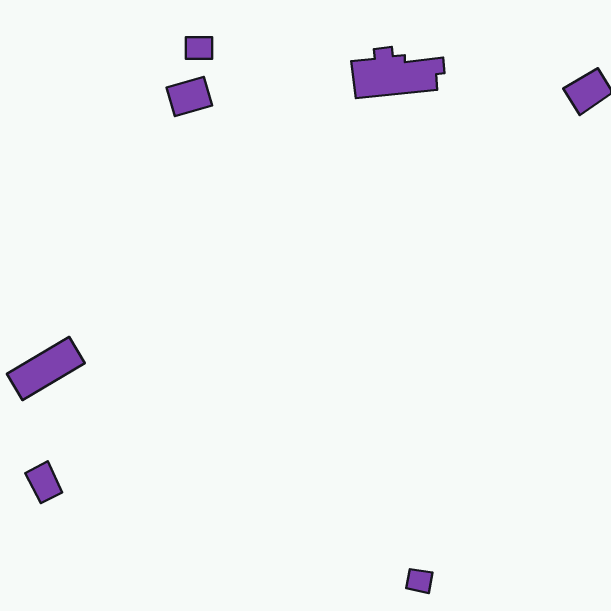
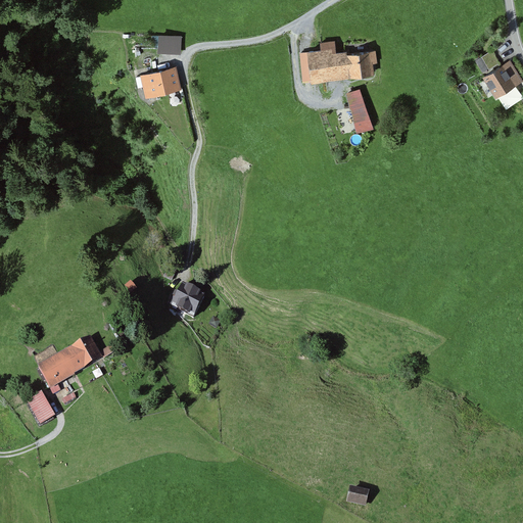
building: none -> [345,90,370,133]
building: none -> [171,287,202,319]
building: [7,337,85,400] -> [34,339,100,393]

